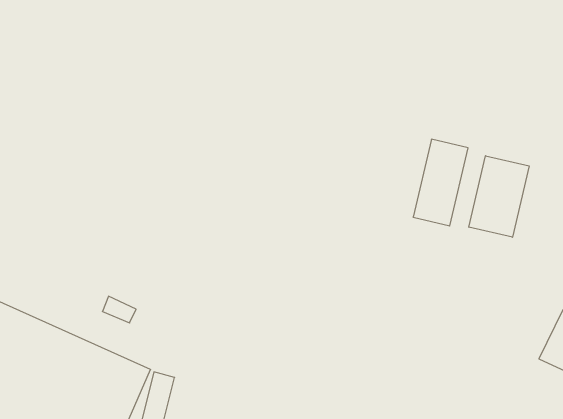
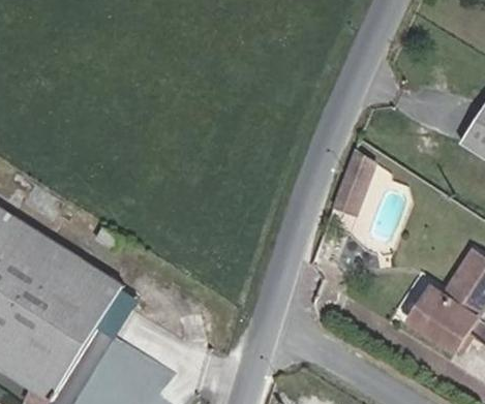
building: [469,156,529,237] -> none

